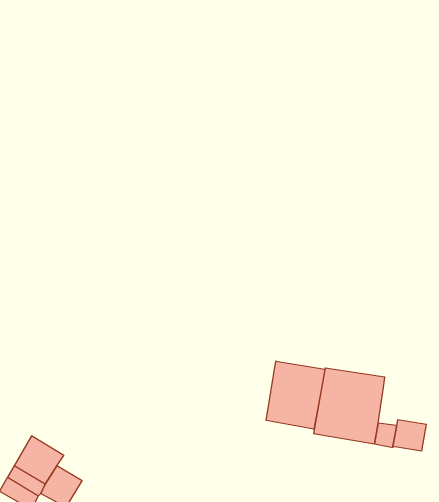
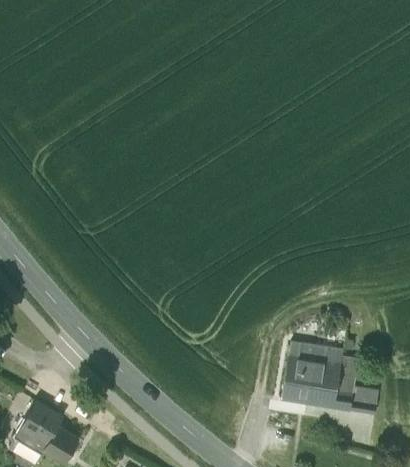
building: [266,361,325,429] -> none
building: none -> [336,356,356,391]

